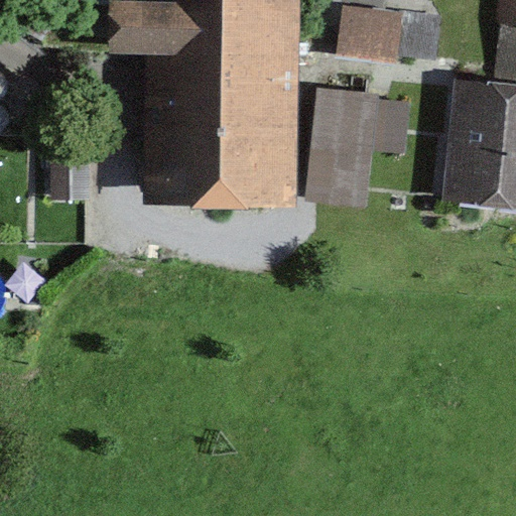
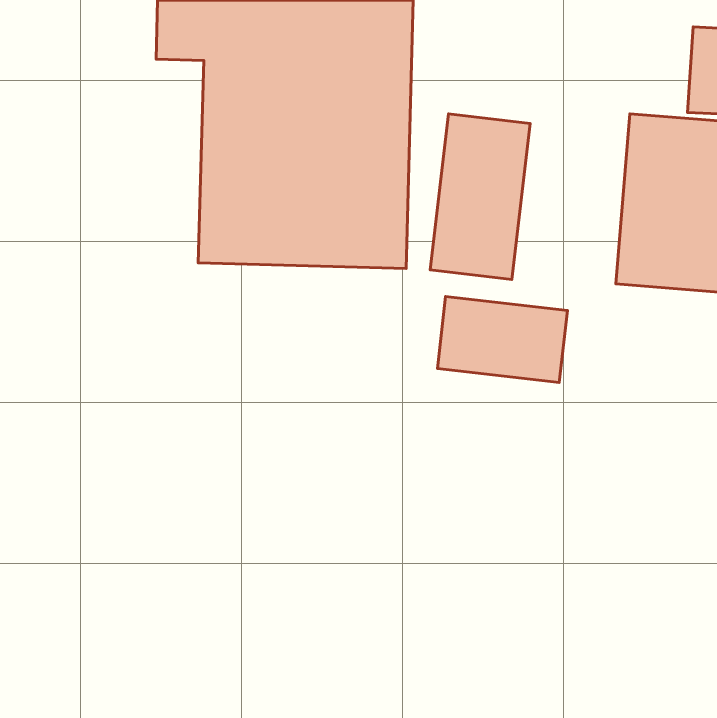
building: [339,5,438,63] -> none
building: none -> [437,296,567,383]

